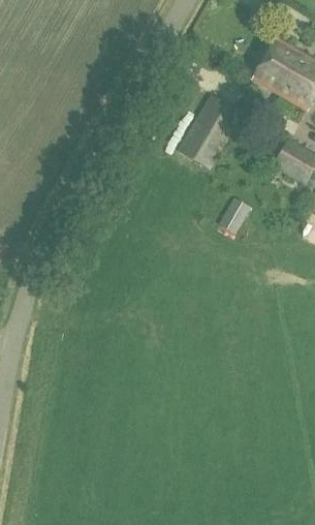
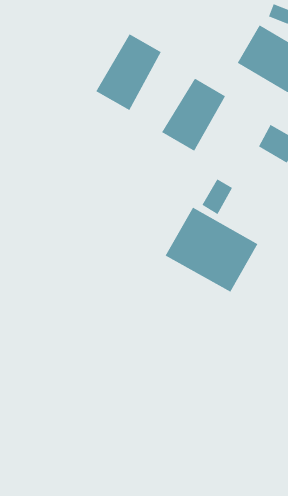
building: none -> [96,34,162,111]
building: none -> [165,207,258,293]

